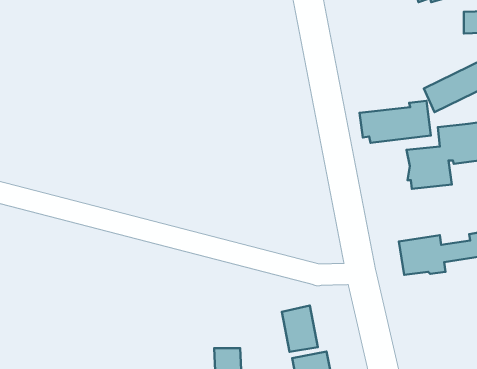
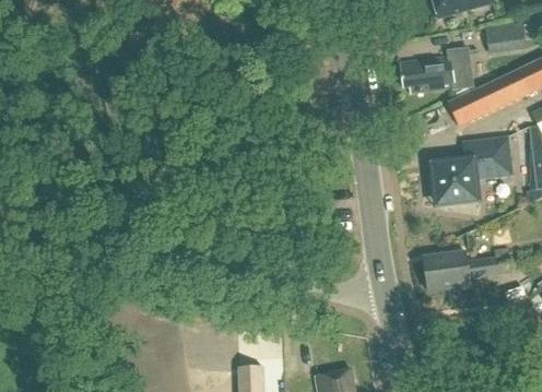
building: [360,101,431,143] -> [399,50,471,93]
building: [282,306,318,352] -> none

